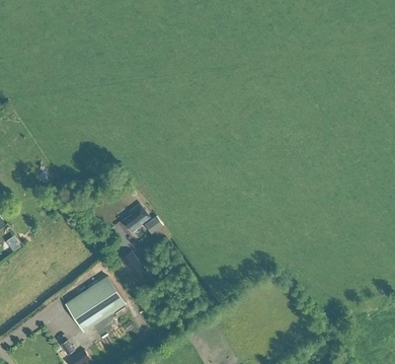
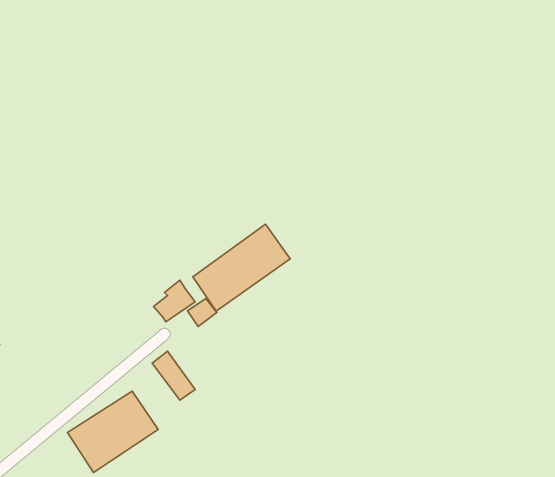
building: none -> [193,224,290,311]

